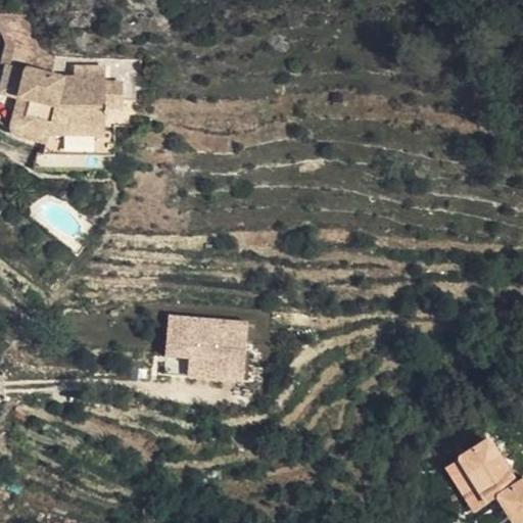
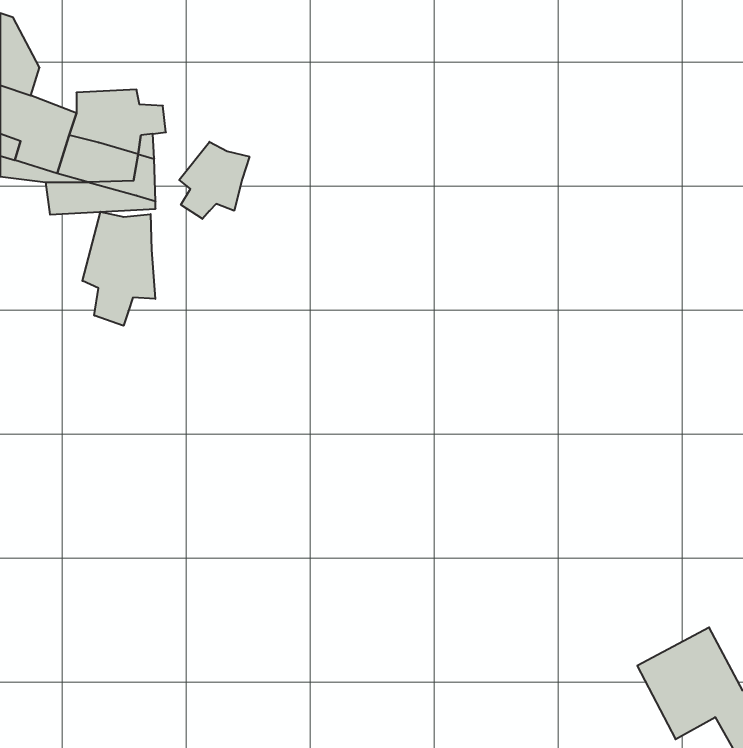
building: none -> [179,142,249,219]
building: none -> [82,212,155,326]
building: [160,312,244,379] -> none

